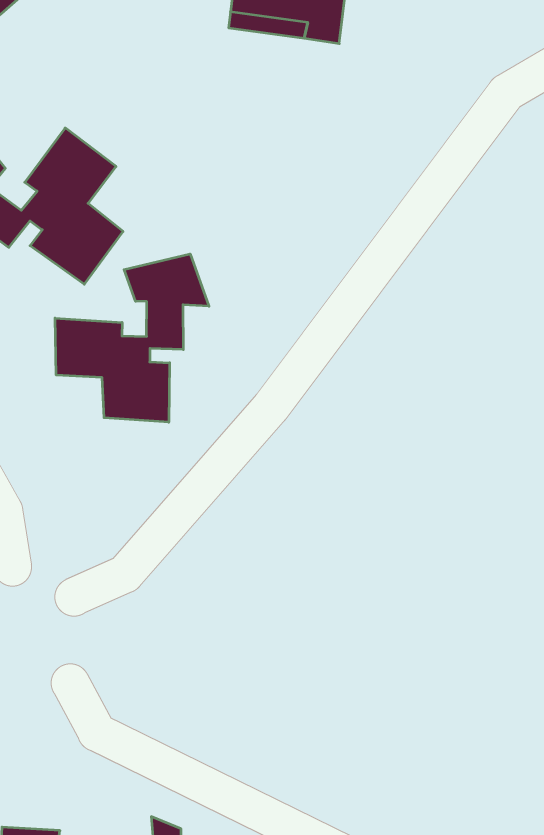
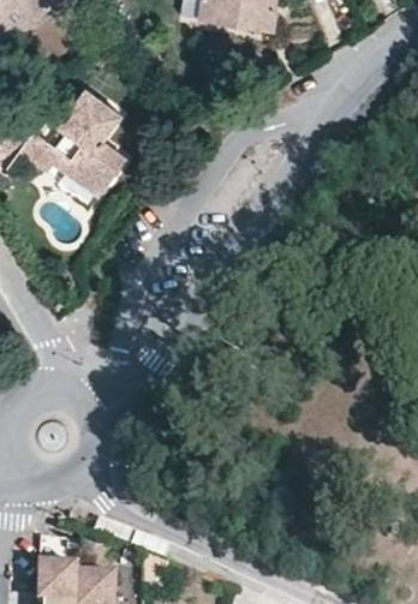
building: [55,254,209,422] -> none

